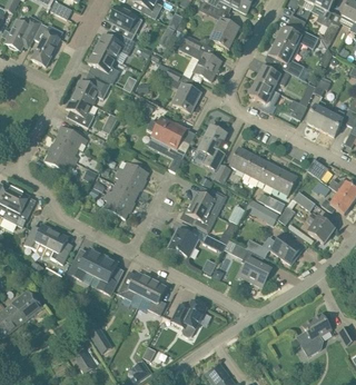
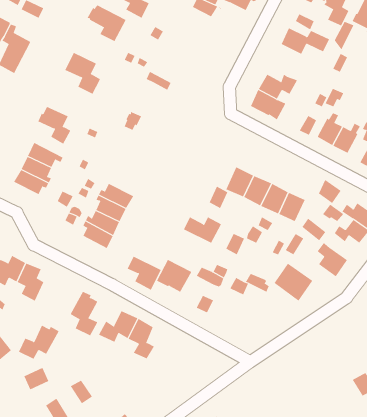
building: [210,17,239,47] -> none
building: [174,30,221,81] -> none
building: [97,31,135,58] -> none
building: [269,41,304,77] -> none
building: [73,80,109,103] -> none
building: [172,82,200,112] -> none
building: [151,117,190,171] -> none
building: [198,125,226,168] -> none
building: [186,201,216,231] -> [127,256,162,291]
building: [69,249,105,279] -> [18,325,60,360]
building: [240,257,271,286] -> none
building: [171,299,207,336] -> none
building: [296,312,330,356] -> none

